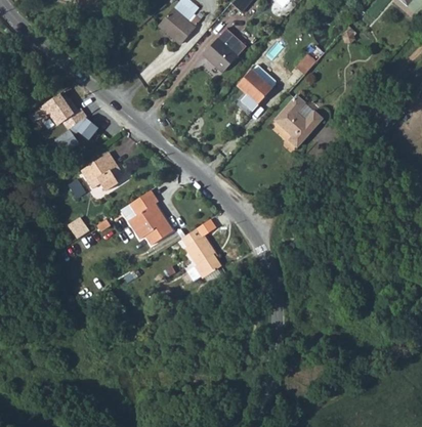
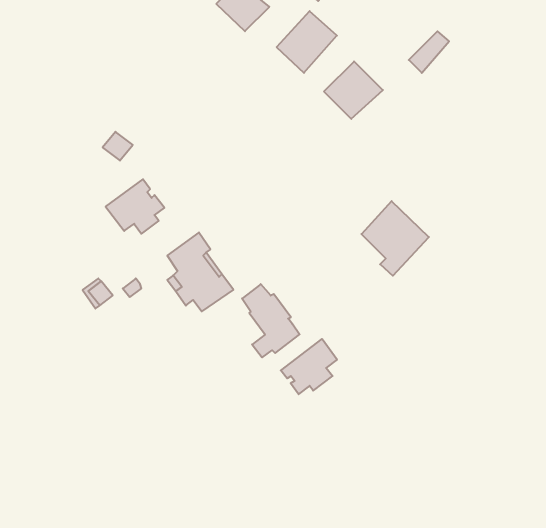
building: [38,89,75,121] -> none
building: [275,95,323,148] -> [361,201,429,276]
building: none -> [281,339,337,394]

